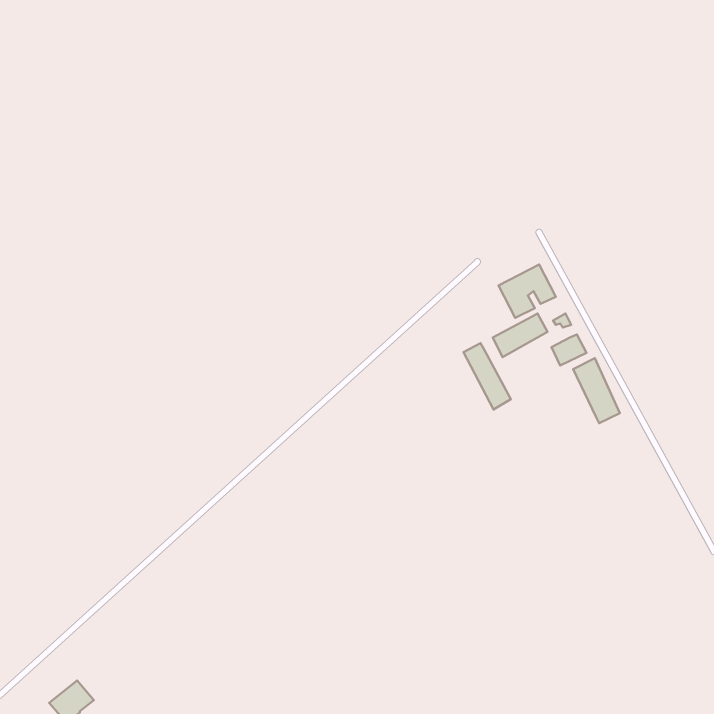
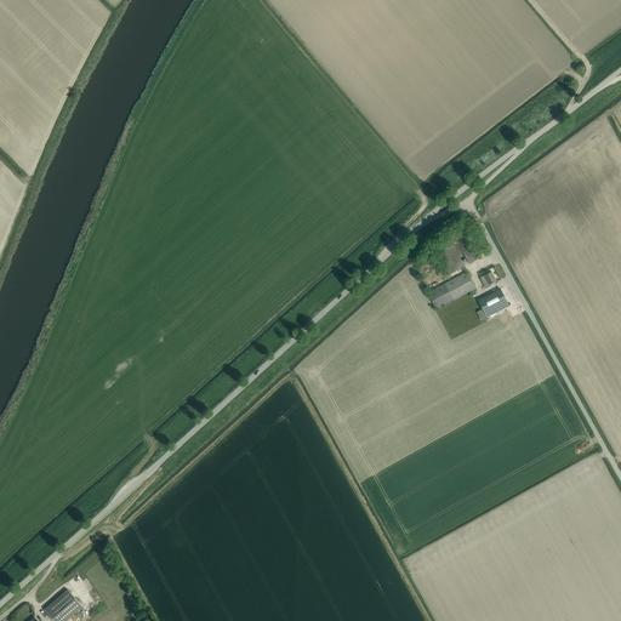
building: [464,343,511,410] -> none
building: [573,358,620,423] -> none

